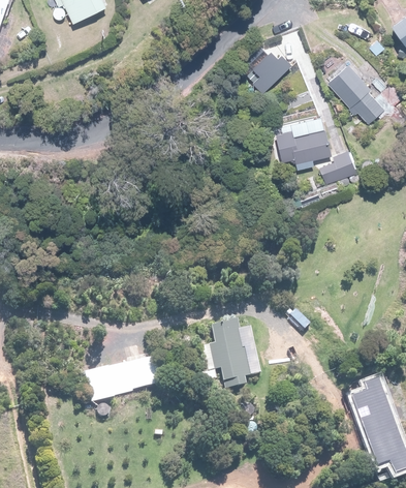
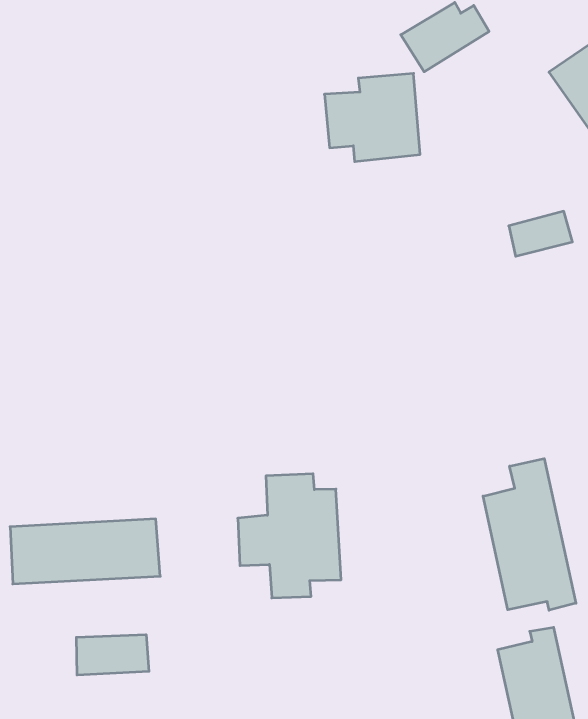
building: [275,117,331,169] -> [324,73,420,162]
building: none -> [483,459,576,610]
building: none -> [76,635,149,675]

